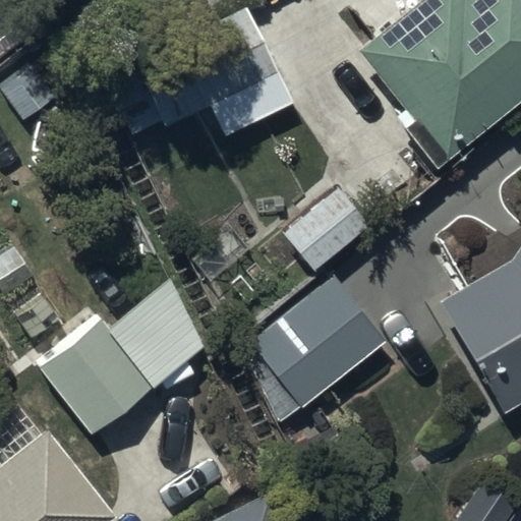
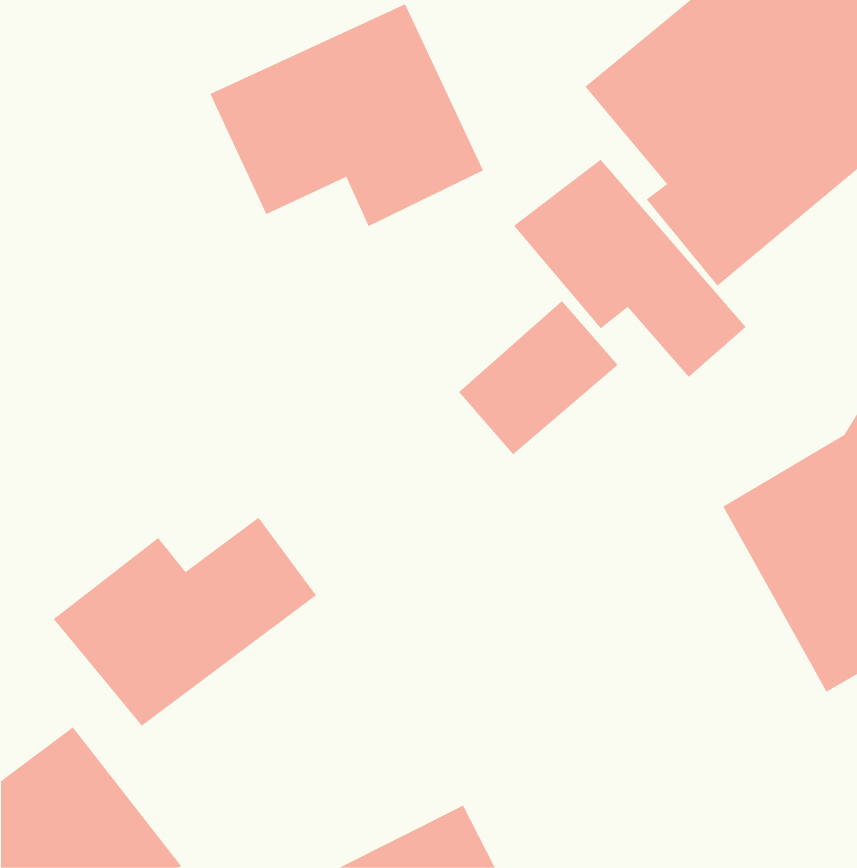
building: none -> [513,159,746,378]
building: [244,276,386,422] -> none

